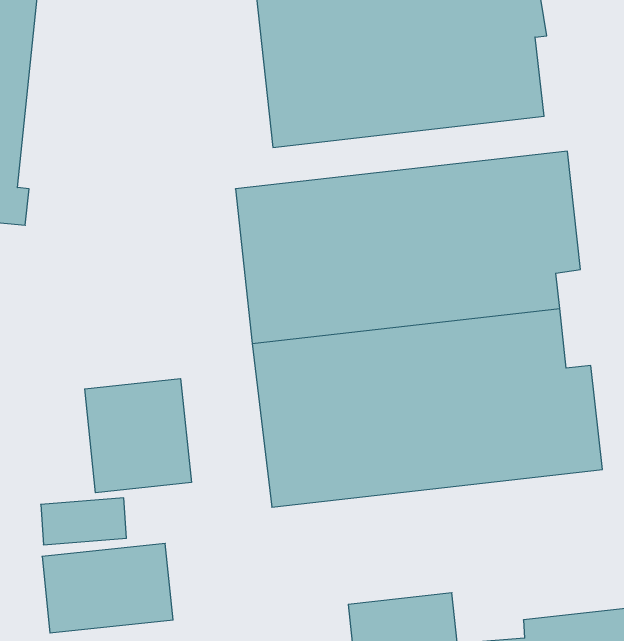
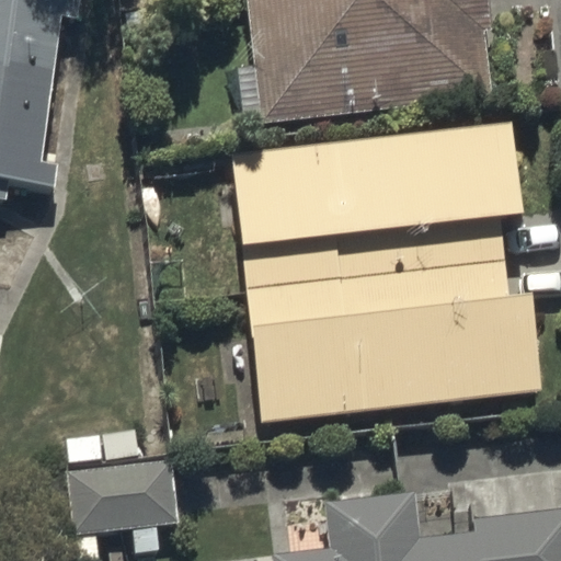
building: [85,379,191,493] -> none

